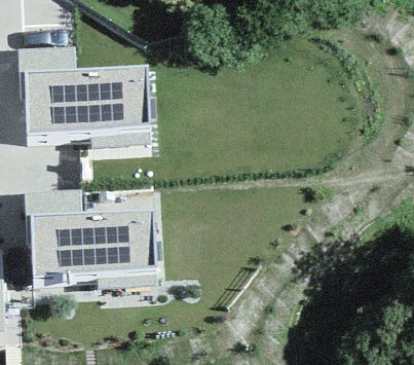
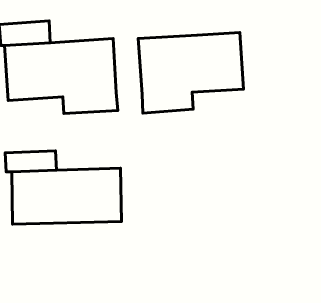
building: none -> [138,32,243,113]

